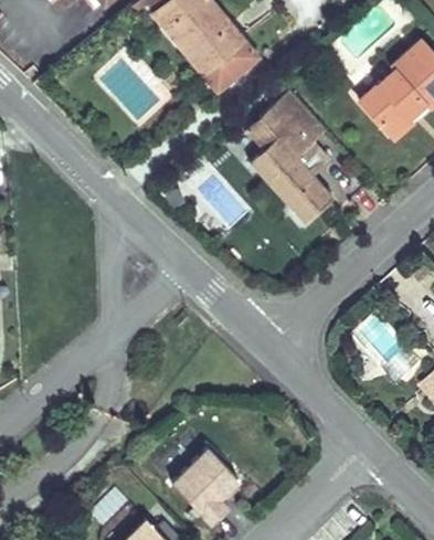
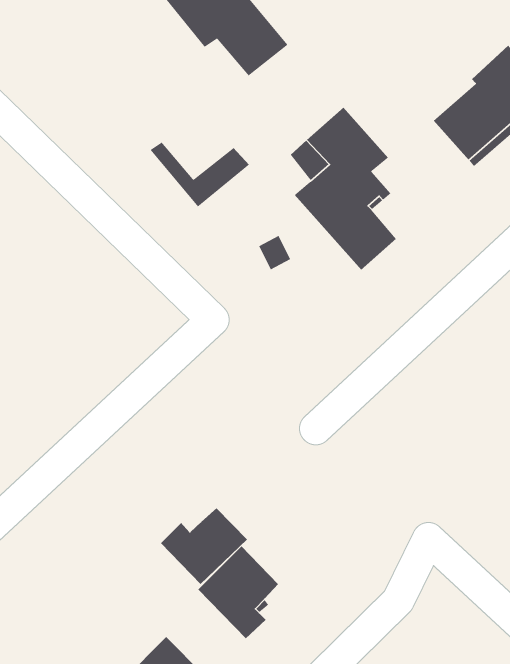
building: [176,35,256,88] -> [150,142,250,208]
building: none -> [160,508,248,585]

